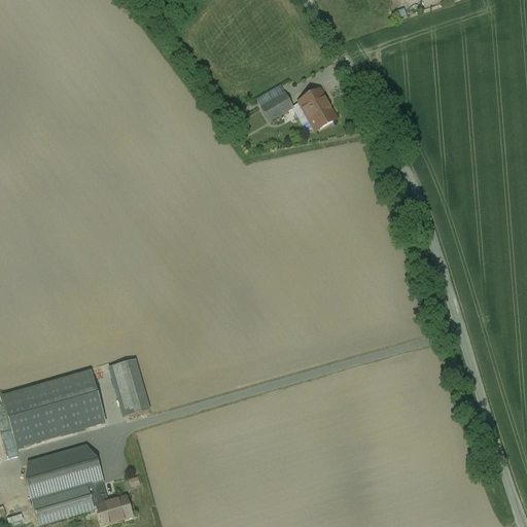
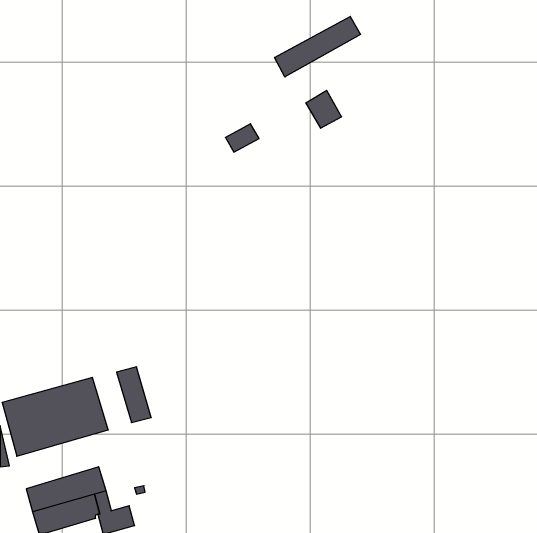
building: none -> [275,16,361,77]
building: [260,92,293,119] -> [225,124,259,152]
building: [26,445,97,479] -> none

